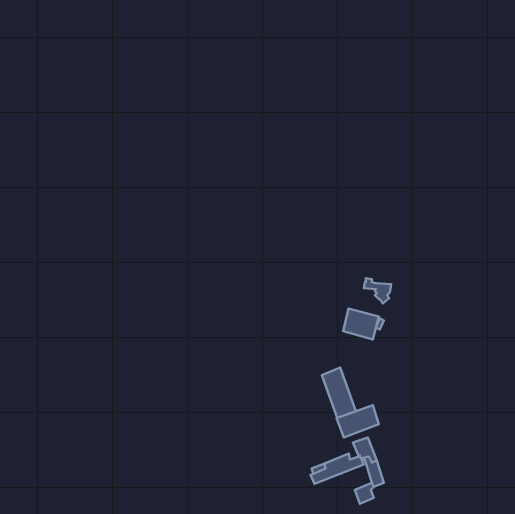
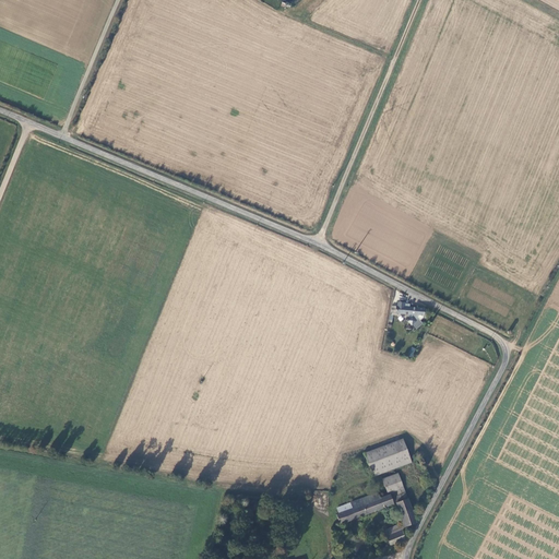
building: [343,309,379,339] -> none
building: [322,368,356,418] -> none

